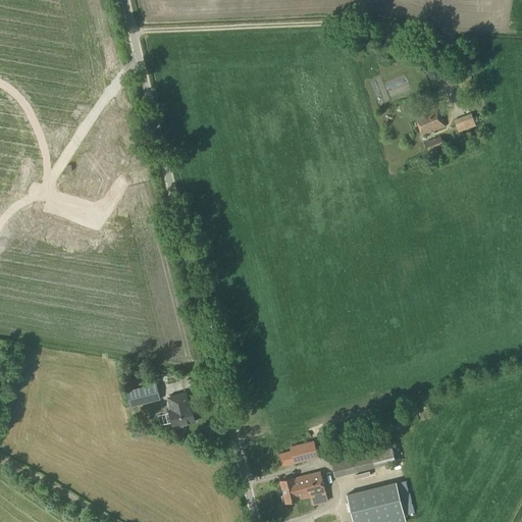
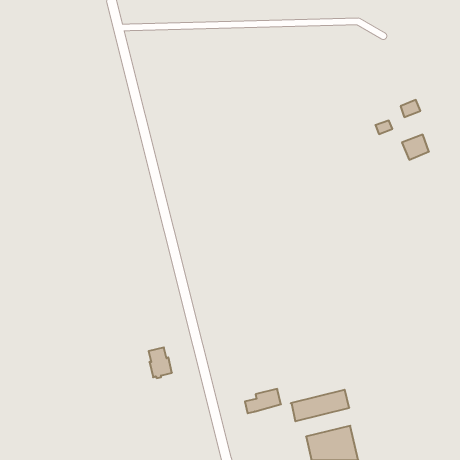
building: [415,107,446,136] -> [402,135,429,160]
building: [126,383,161,421] -> none
building: [281,473,324,503] -> none

